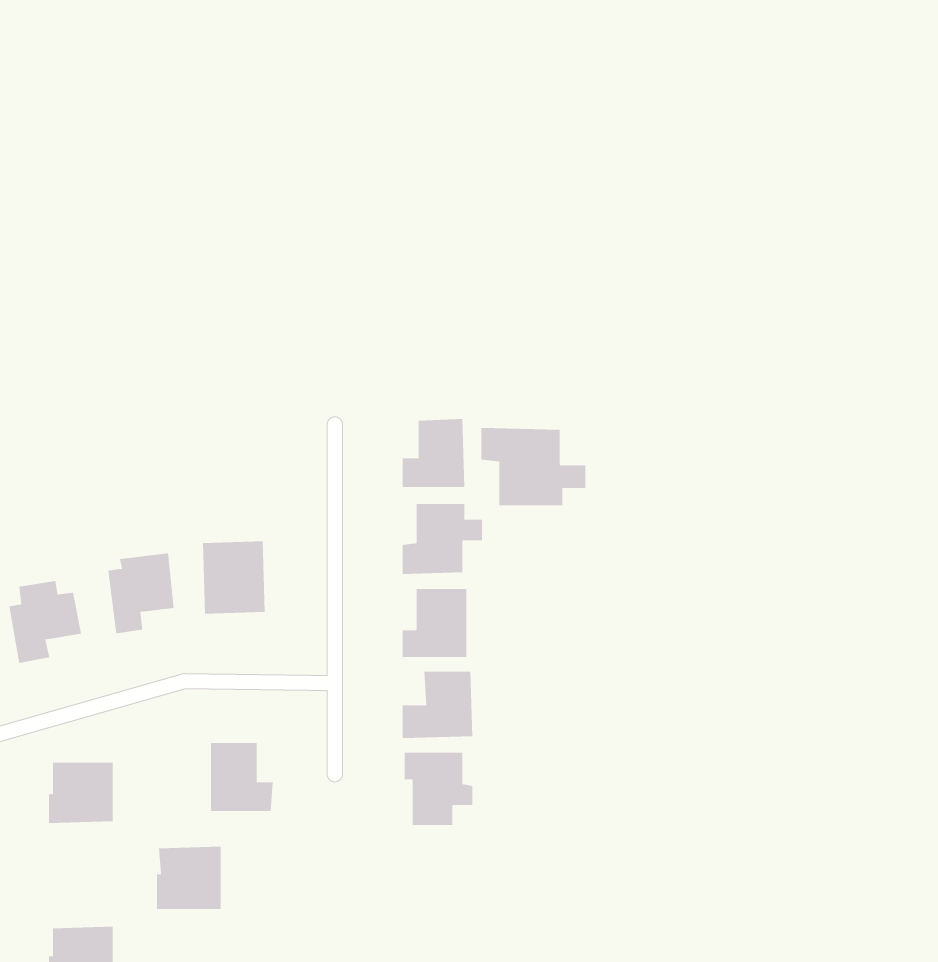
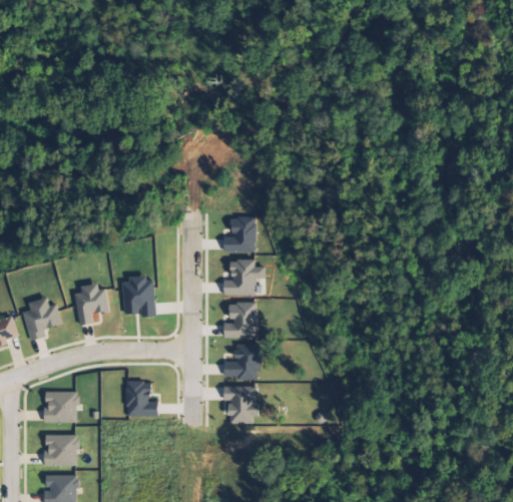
building: [481,427,586,506] -> none
building: [156,846,221,909] -> [43,434,76,466]

